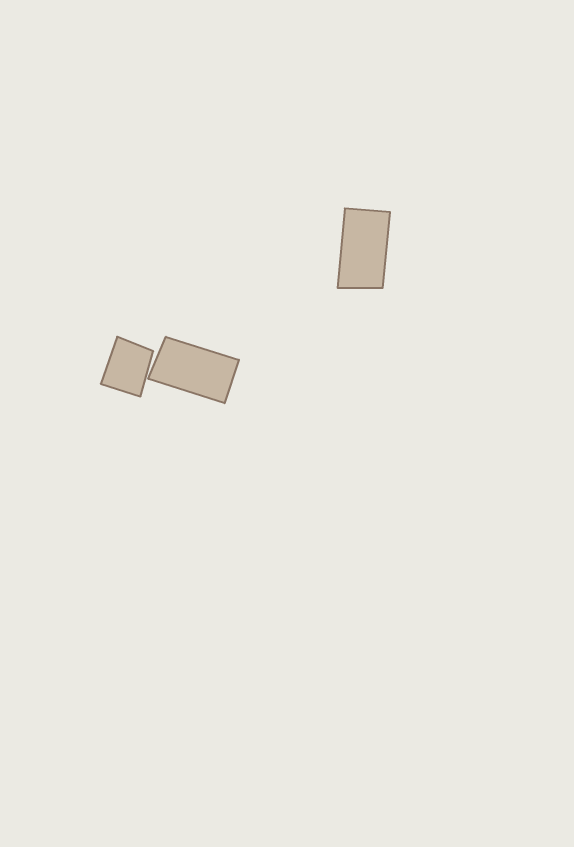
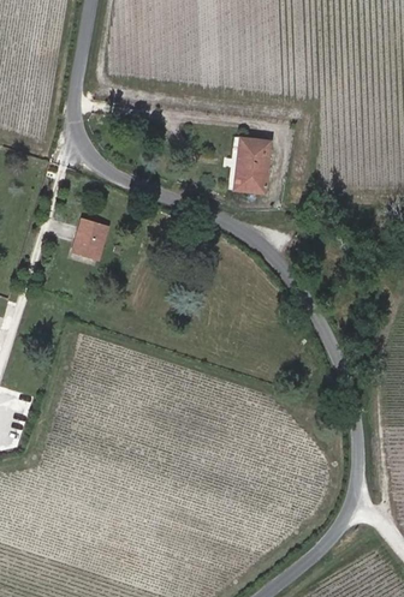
building: [148,337,239,403] -> none

